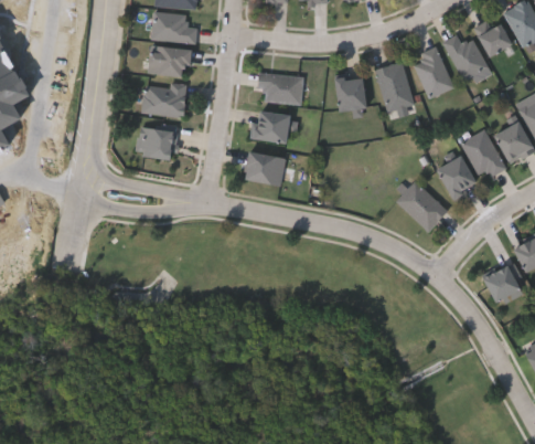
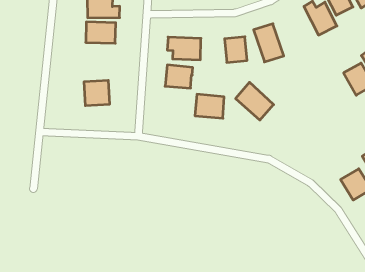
building: [414,49,452,98] -> none
building: [141,82,188,117] -> none
building: [460,129,506,181] -> none
building: [244,151,285,186] -> [195,94,224,118]
building: [436,156,477,201] -> none
building: [396,180,447,232] -> [236,82,274,120]

